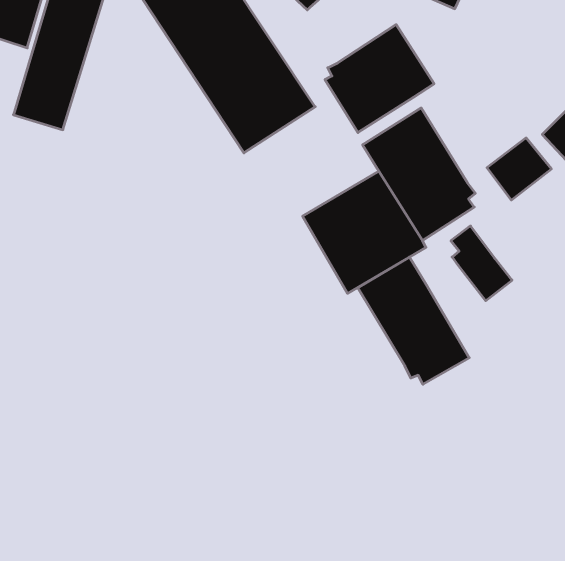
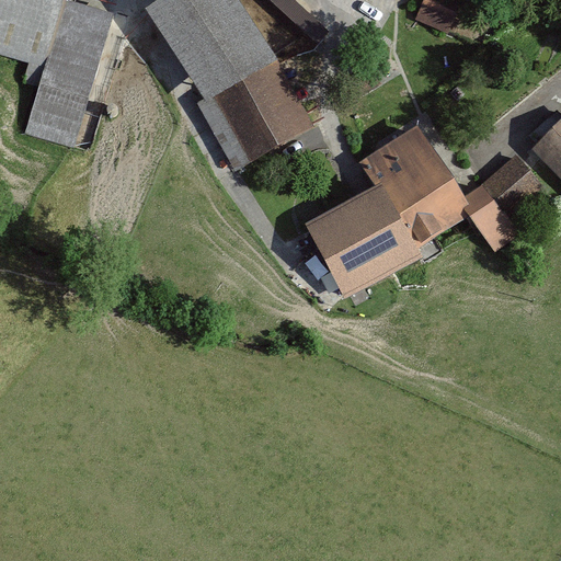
building: [325,25,434,133] -> none
building: [451,226,512,301] -> [460,179,518,250]
building: [358,257,469,384] -> none

